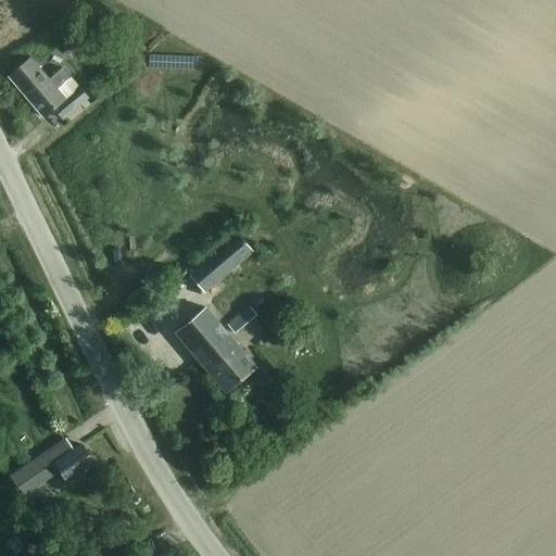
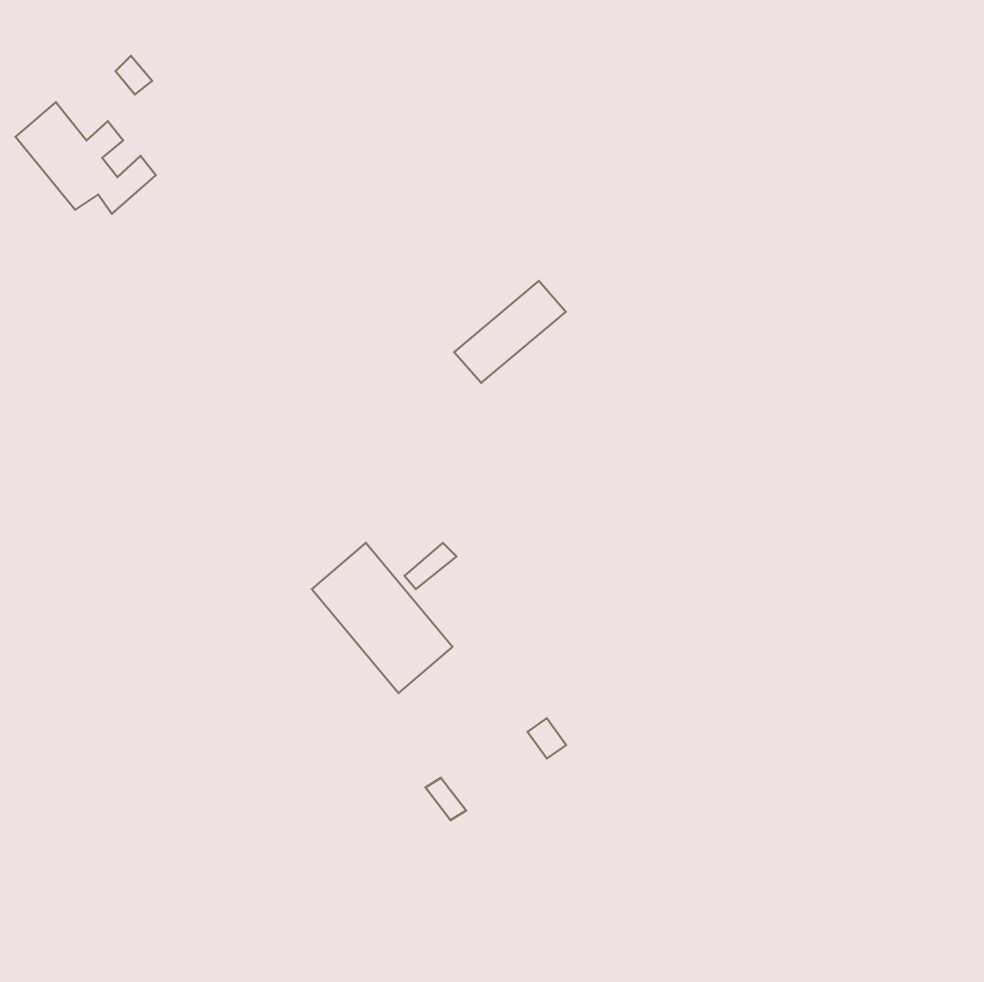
building: [190,233,253,291] -> [454,281,566,383]
building: [10,439,94,493] -> none

